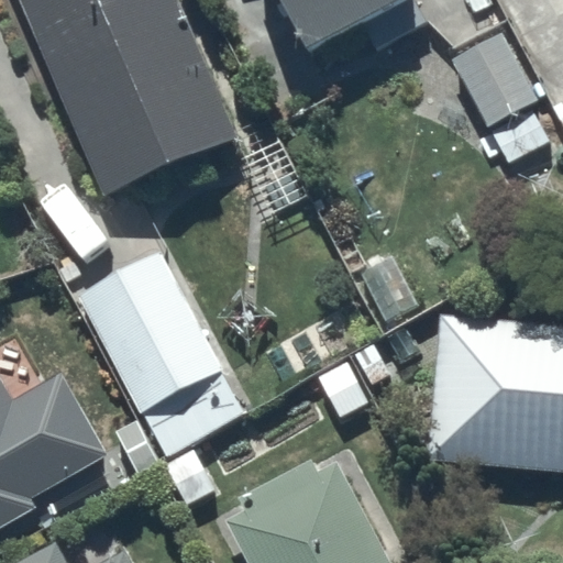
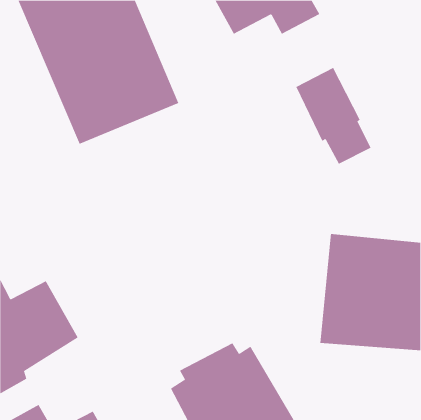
building: [451,32,552,162] -> [295,67,371,164]
building: [77,246,247,456] -> none

